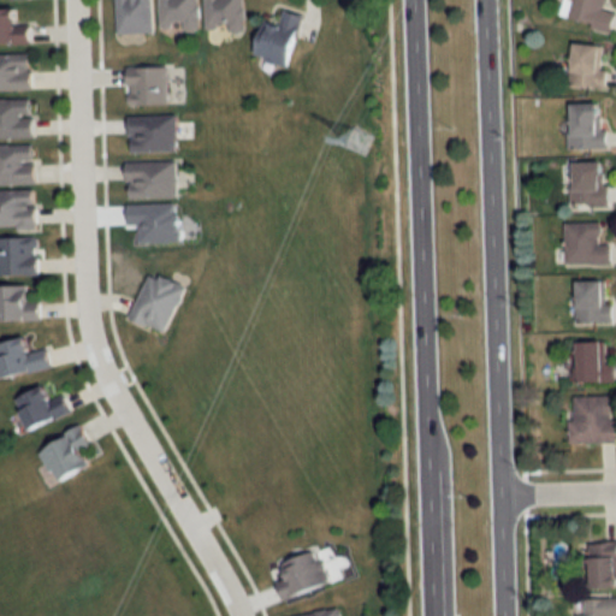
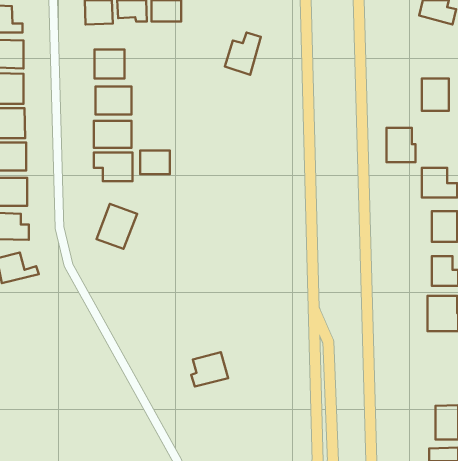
building: [254,10,302,66] -> [225,32,261,75]
building: [561,45,600,89] -> none
building: [564,164,603,209] -> [387,128,415,162]
building: none -> [140,150,170,174]
building: [16,385,71,430] -> none
building: [37,425,93,484] -> none
building: [277,552,326,598] -> [191,352,228,386]

